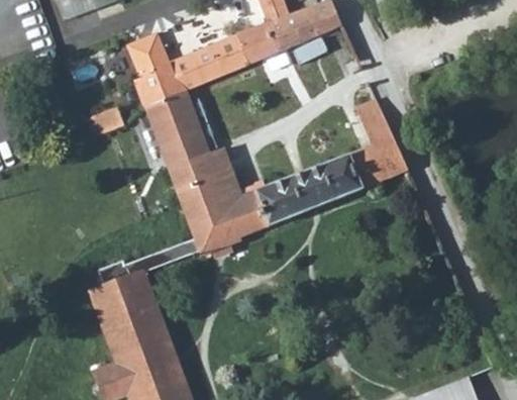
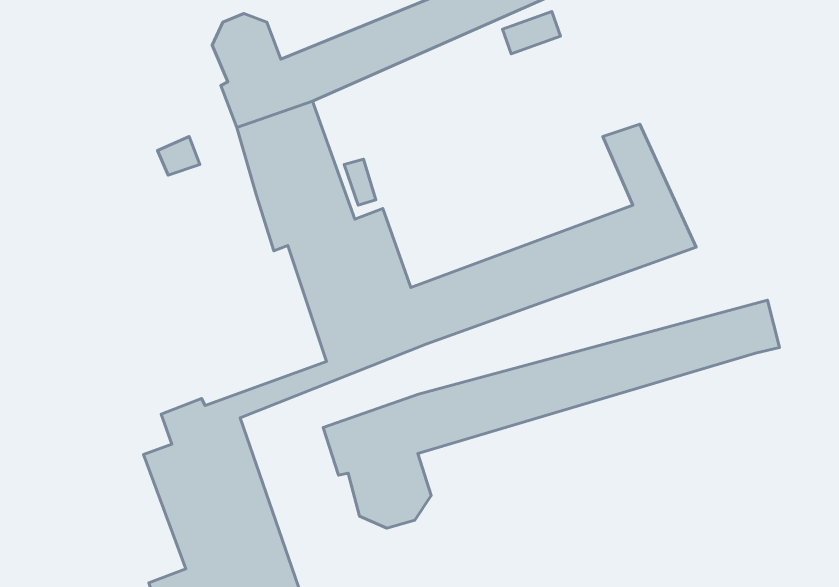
building: none -> [323,300,780,528]

